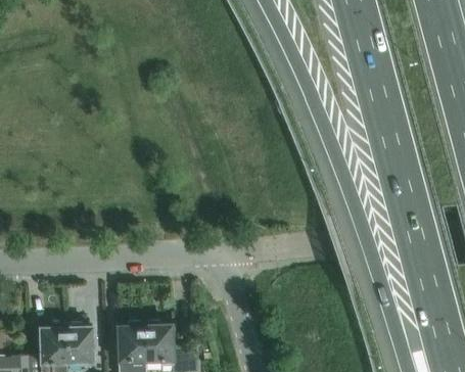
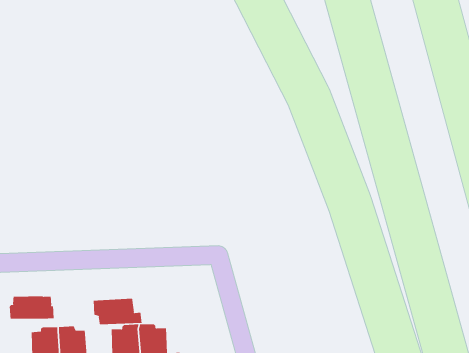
building: none -> [9,295,54,320]
building: none -> [93,298,142,325]

